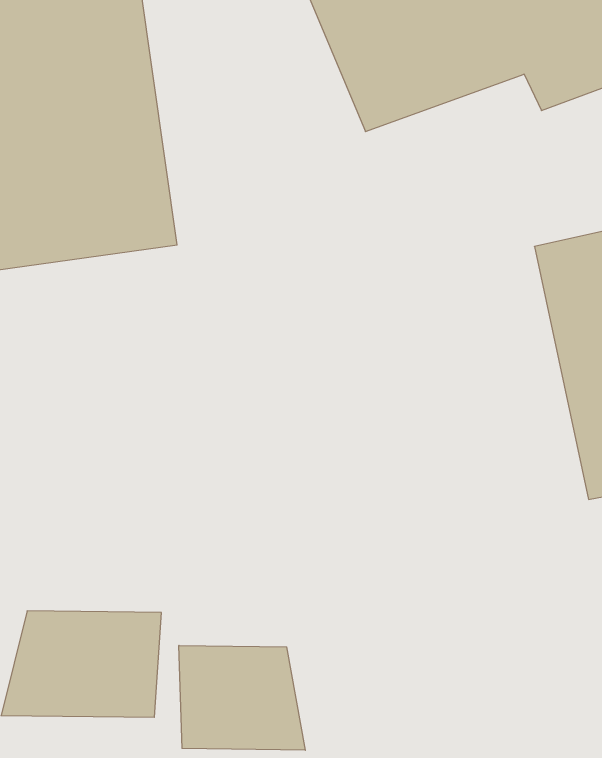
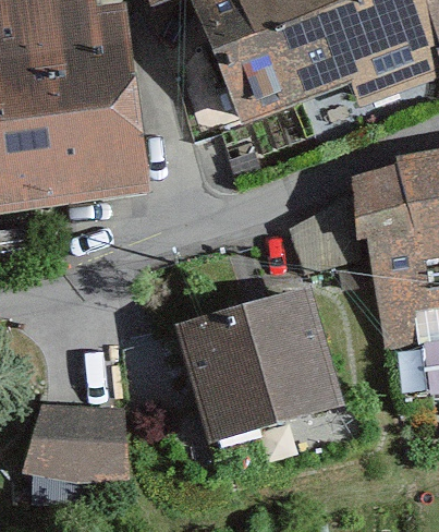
building: none -> [185,294,334,435]
building: [179,645,305,750] -> none

